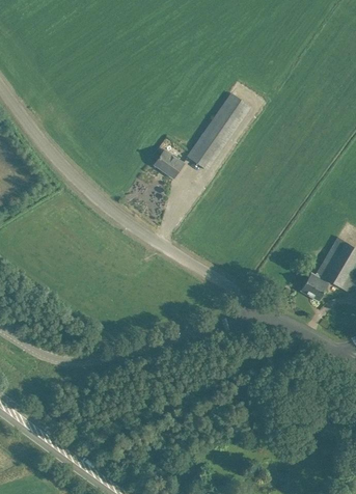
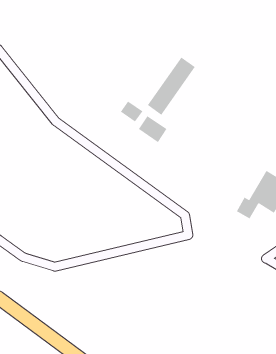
building: none -> [138,115,167,143]

